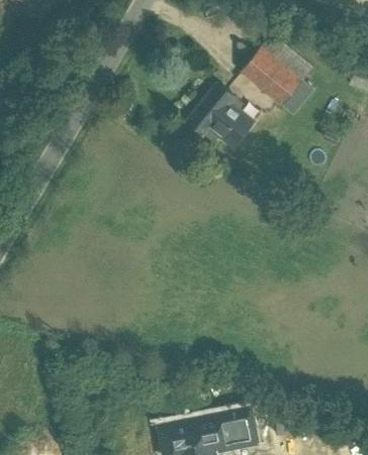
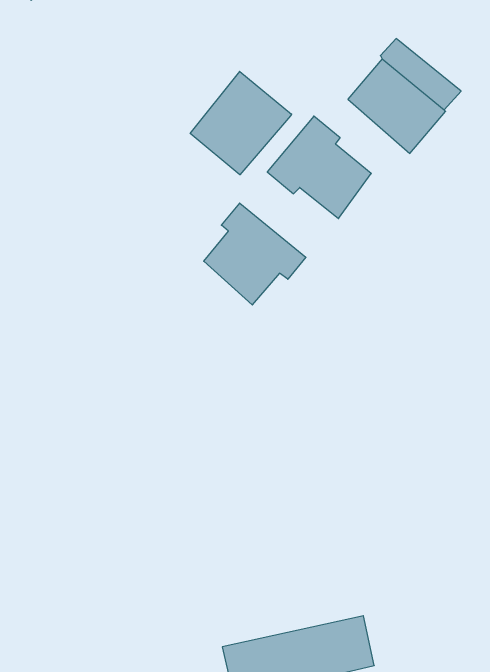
building: none -> [190,71,292,175]
building: none -> [204,203,306,305]

